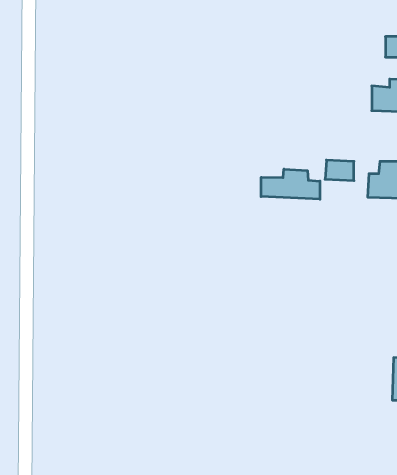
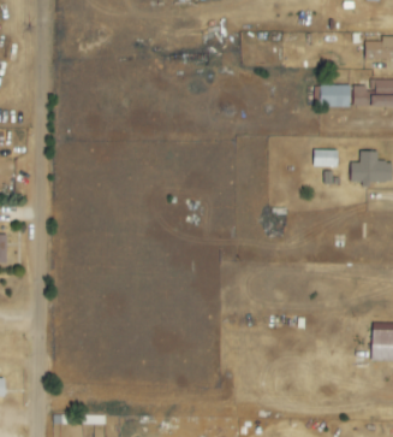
building: none -> [320,85,350,108]
building: [261,169,320,199] -> none

